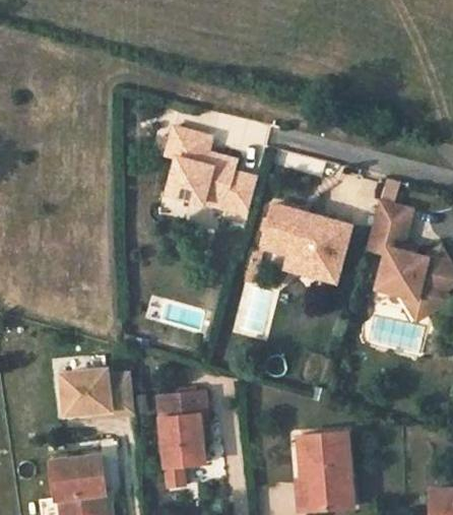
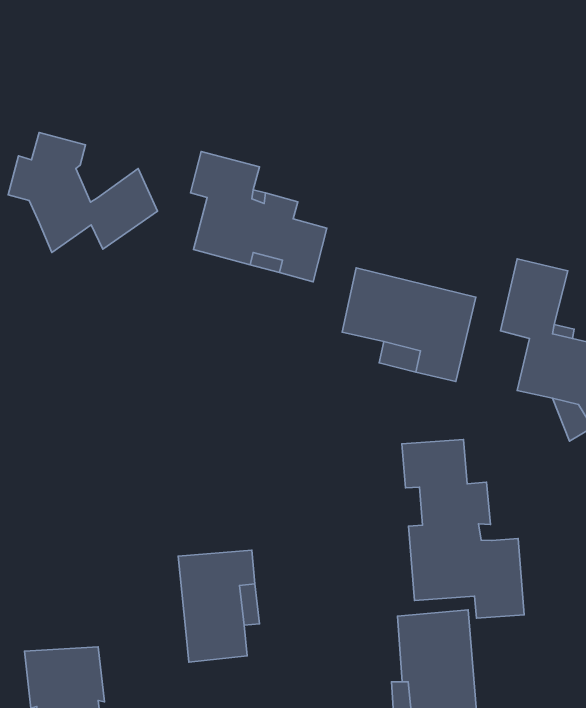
building: none -> [8,133,157,252]
building: none -> [402,439,524,618]
building: [60,370,132,414] -> none

